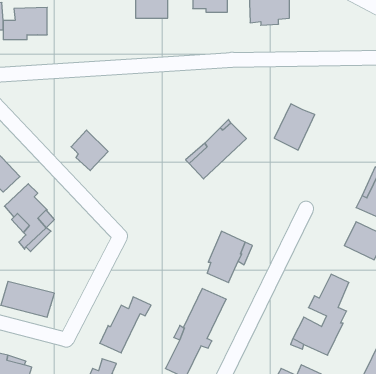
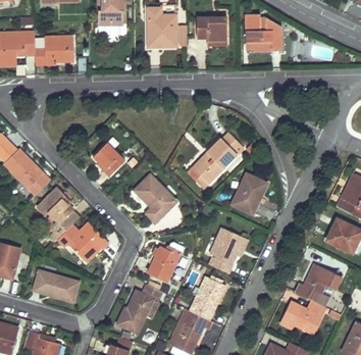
building: [274,104,315,150] -> [231,173,266,213]
building: none -> [135,174,174,220]
building: none -> [67,222,107,261]
building: none -> [148,246,178,282]

